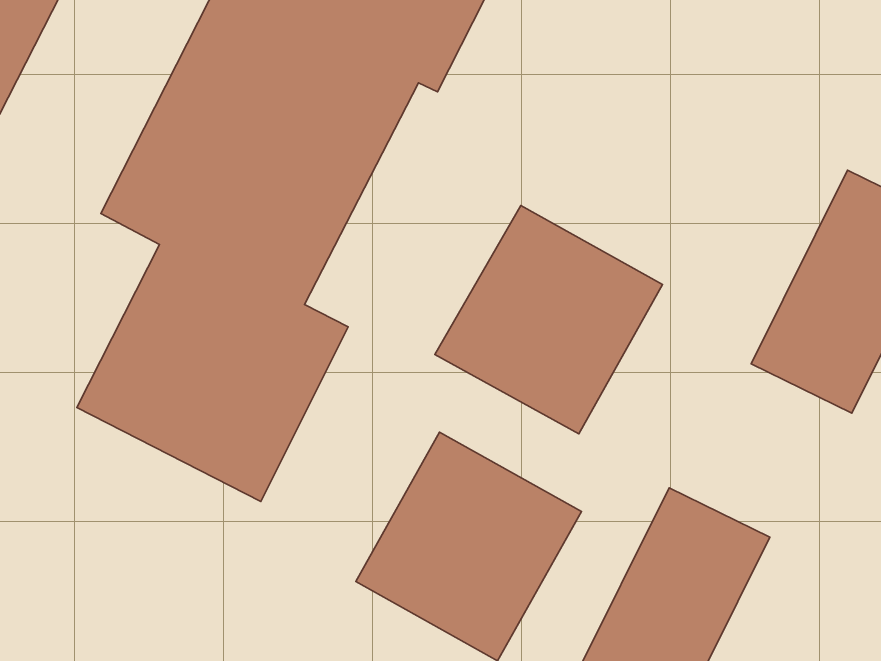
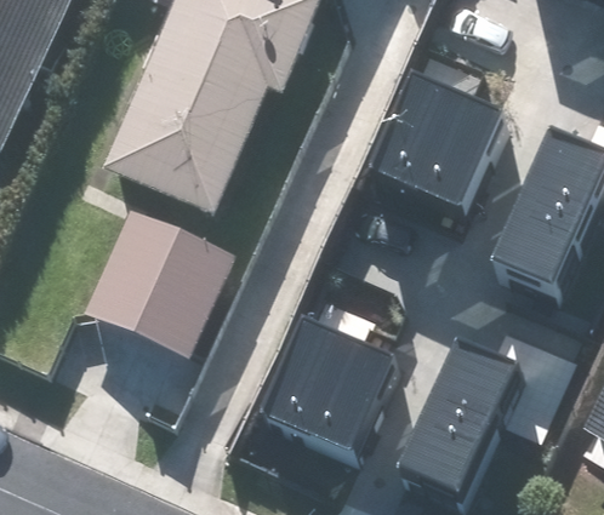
building: [435,205,663,434] -> [364,64,502,204]

